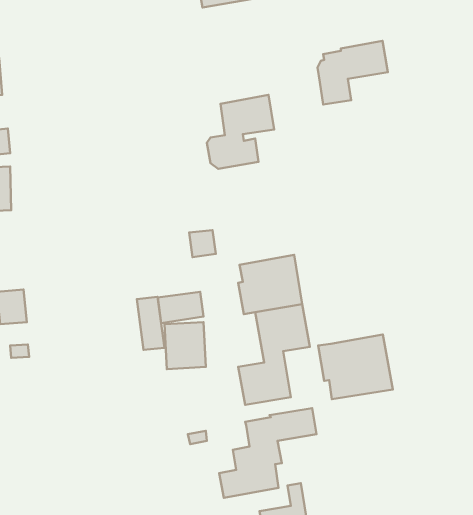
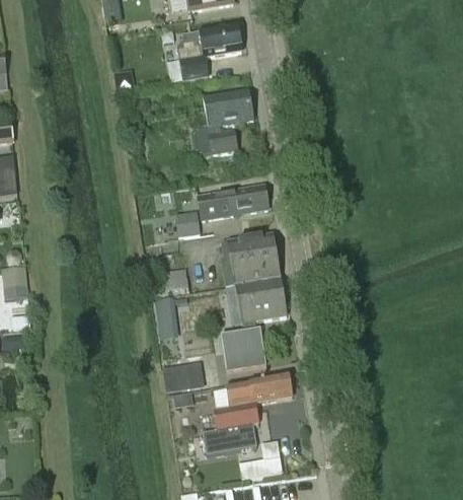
building: [317,41,388,105] -> [177,22,241,80]
building: none -> [198,185,268,220]
building: [137,297,164,350] -> none
building: [318,334,393,399] -> none
building: none -> [163,362,204,390]

